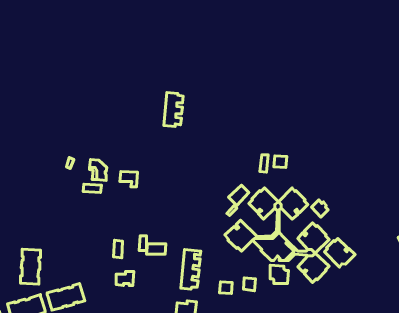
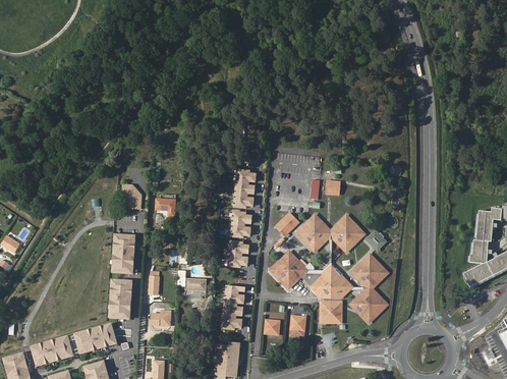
building: [164,93,183,127] -> [233,170,255,208]
building: none -> [230,212,250,237]
building: none -> [111,234,133,274]
building: none -> [227,241,248,267]
building: [324,238,355,267] -> none
building: [20,249,41,284] -> [108,280,130,319]

